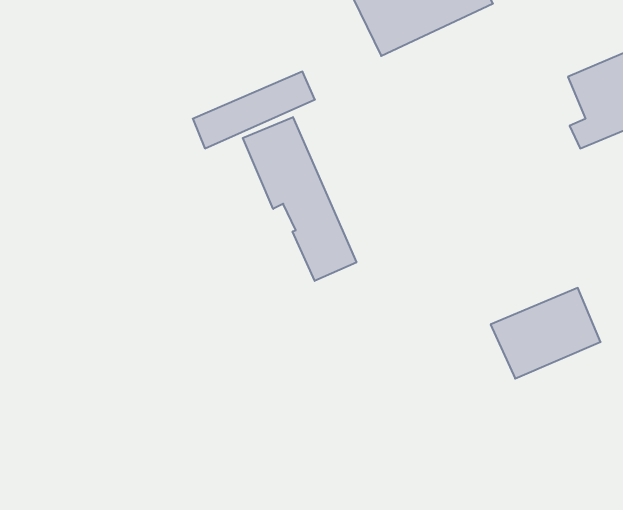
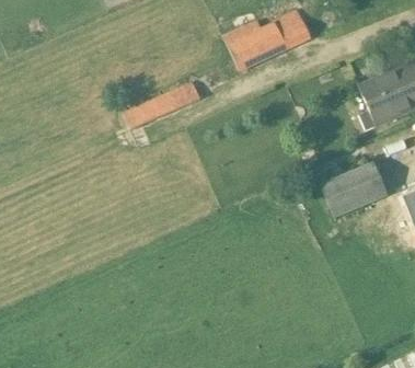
building: [243,117,356,281] -> none
building: [491,288,601,379] -> [319,160,388,217]

